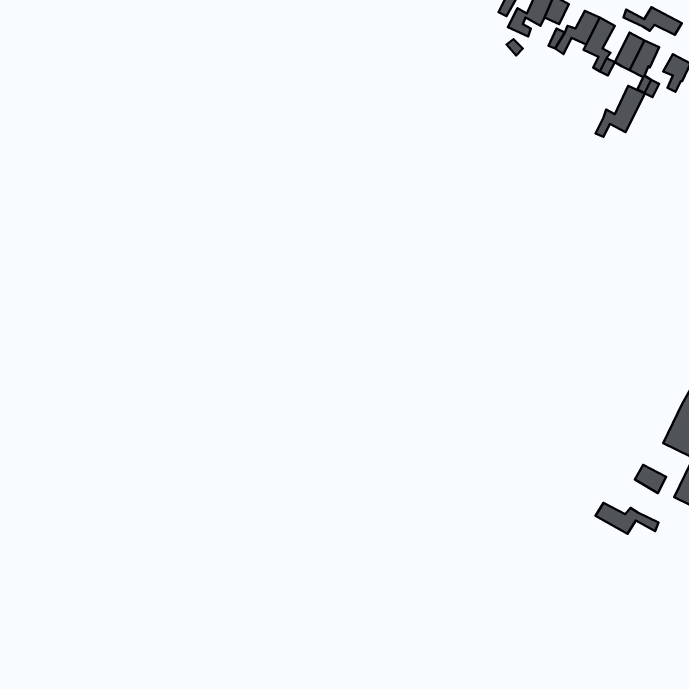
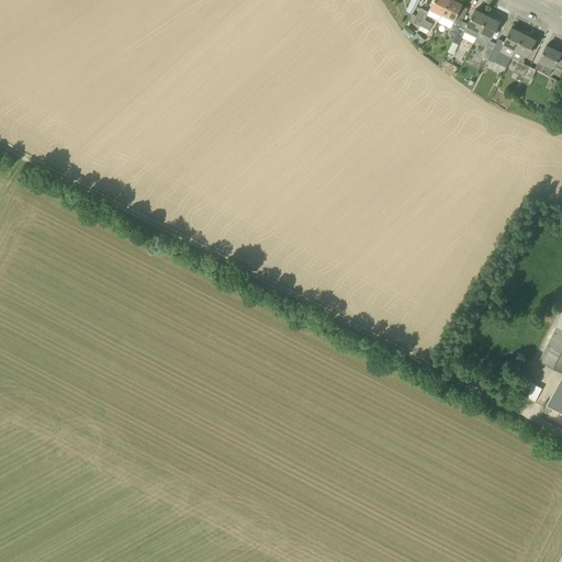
building: [623,7,682,35] -> none
building: [596,86,645,137] -> none
building: [595,503,658,534] -> none

